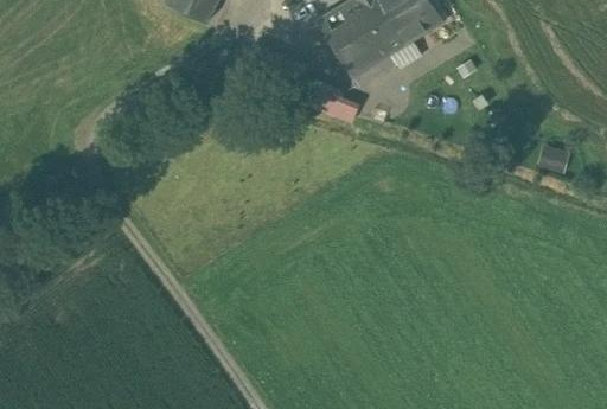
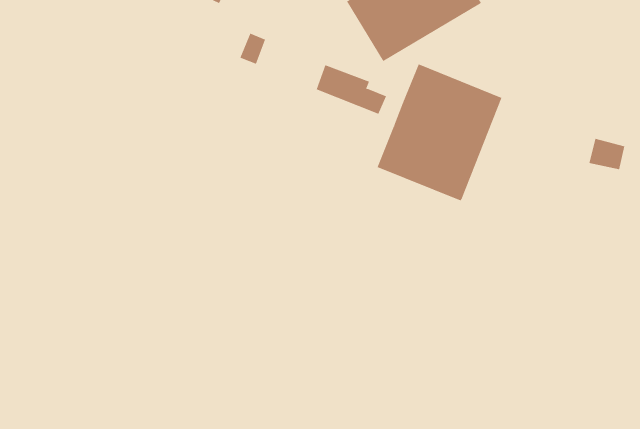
building: none -> [377,64,502,201]

